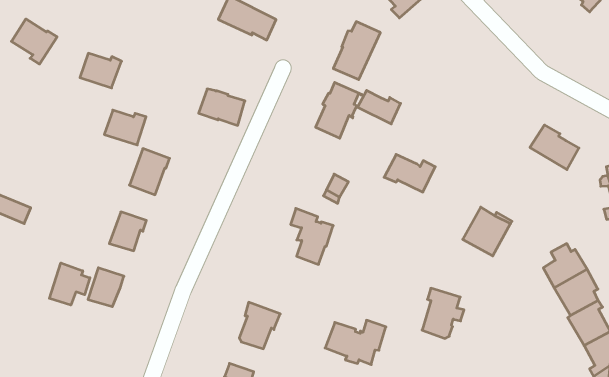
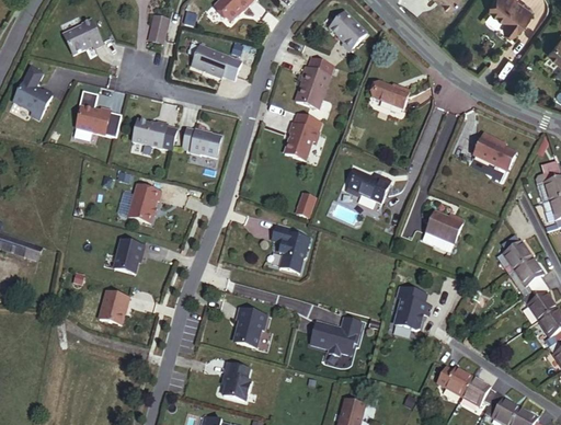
building: [358,90,401,124] -> [373,81,410,108]
building: [104,110,146,145] -> [133,118,168,147]
building: [49,263,90,305] -> none

